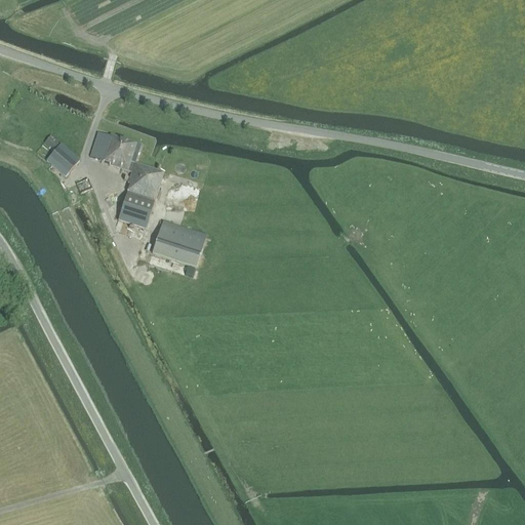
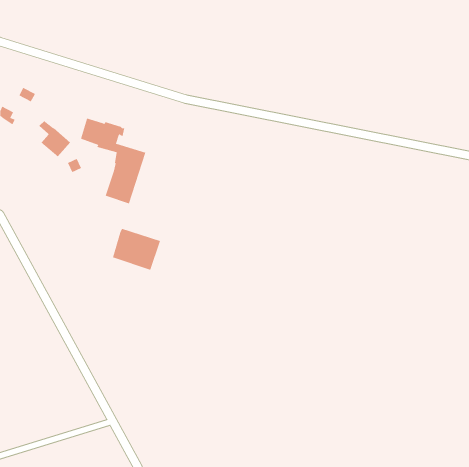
building: [152,219,206,267] -> [112,228,161,270]

